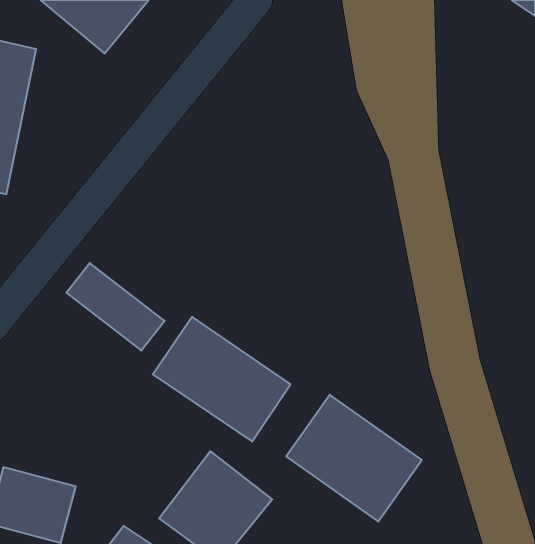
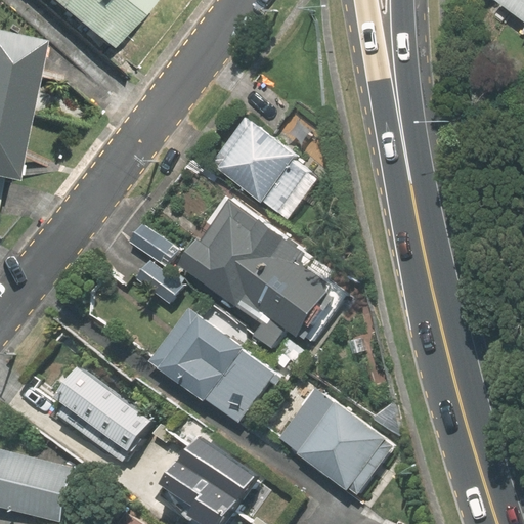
building: none -> [205,114,314,219]
building: none -> [181,196,335,349]
building: [66,263,165,351] -> [58,365,152,449]

